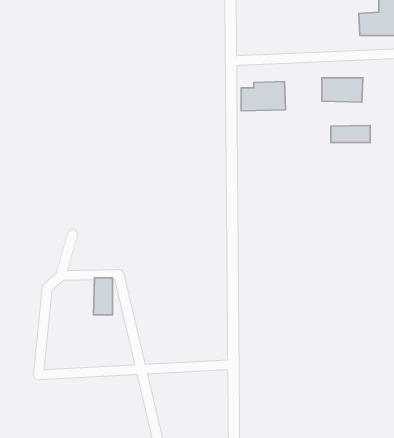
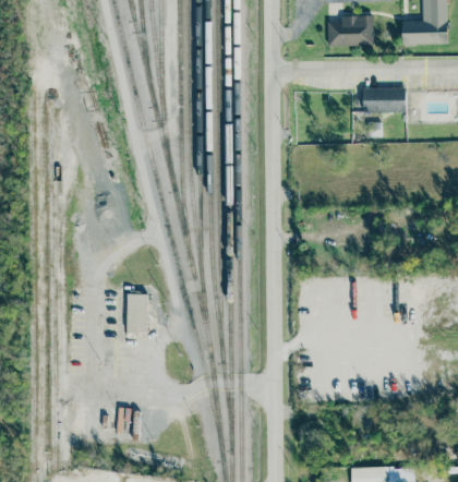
building: [241,81,285,111] -> [327,15,373,46]
building: [331,125,370,143] -> none

